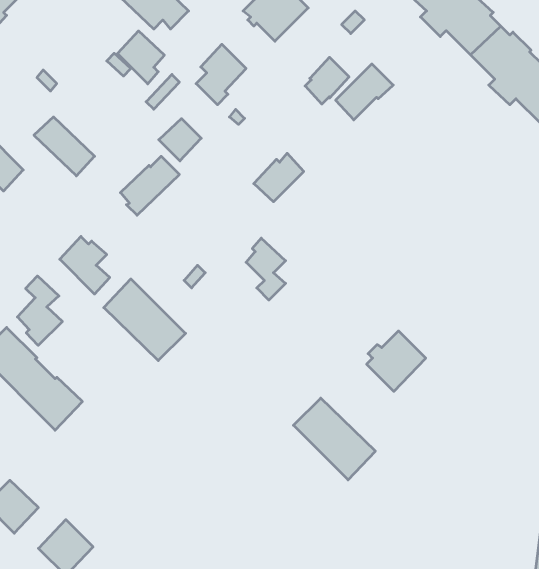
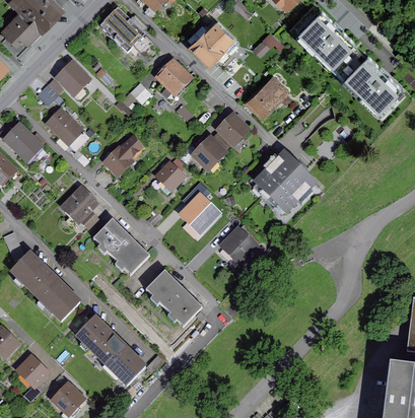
building: [117,31,164,84] -> [58,63,89,98]
building: [305,57,349,104] -> [217,116,247,147]
building: [159,119,201,161] -> [157,161,186,190]
building: none -> [256,152,316,212]
building: [17,276,62,345] -> none
building: [367,331,426,391] -> [224,222,264,263]
building: [293,398,375,480] -> [147,271,202,326]
building: none -> [76,316,146,385]

